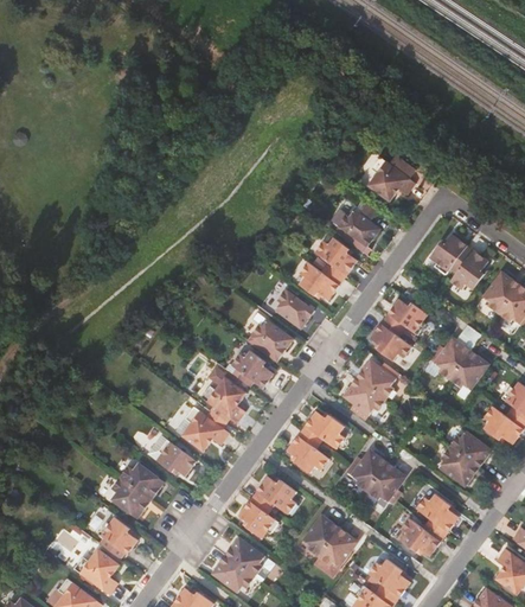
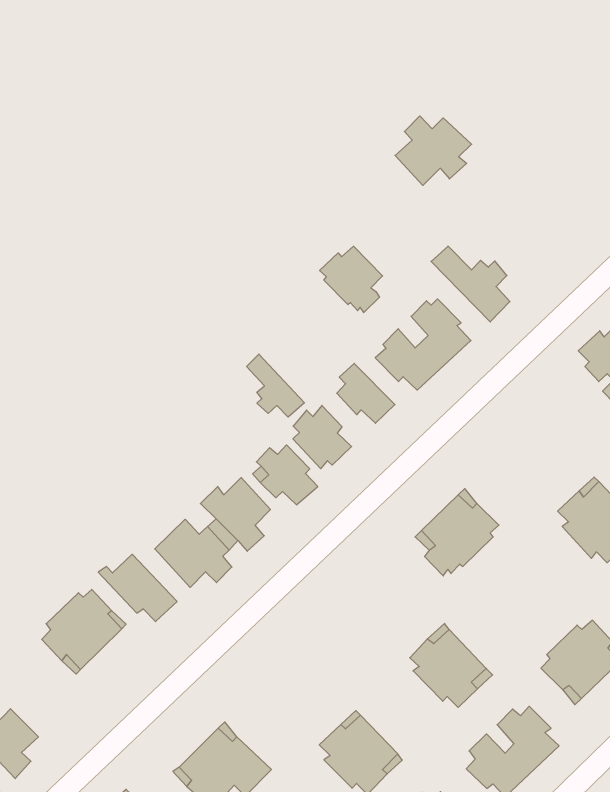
building: [369,154,417,200] -> [395,116,472,185]
building: none -> [320,246,383,313]
building: none -> [247,354,304,417]
building: [370,298,429,360] -> none
building: [288,409,345,473] -> none
building: [237,475,296,538] -> none
building: [97,518,136,556] -> none

